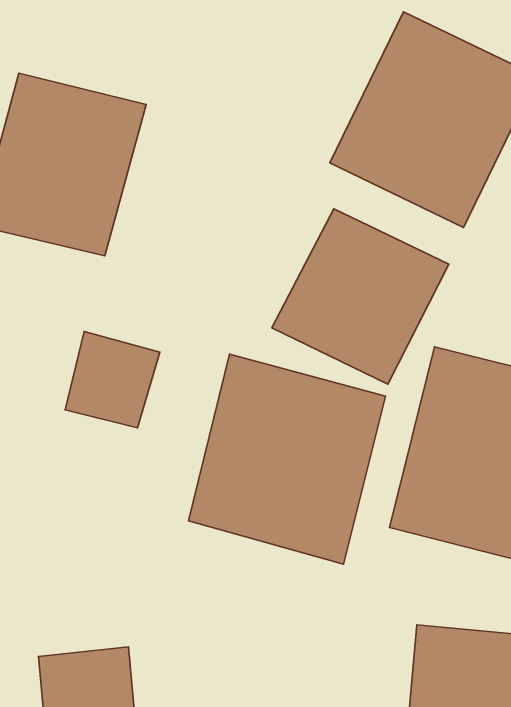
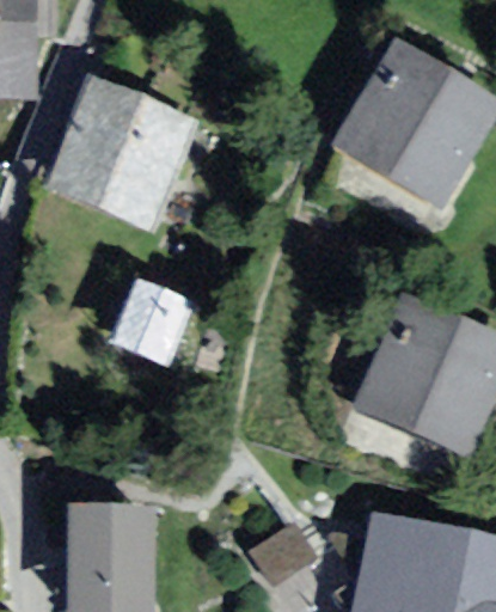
building: [272,209,449,384] -> none
building: [189,354,385,564] -> none

